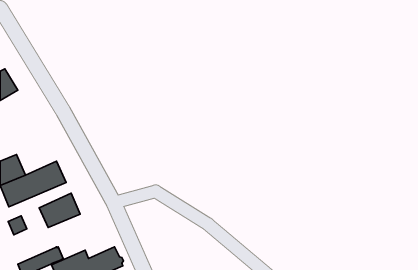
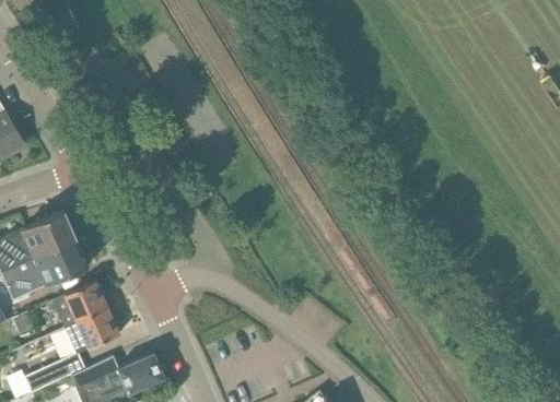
building: none -> [22,211,75,257]
building: none -> [65,309,119,354]

